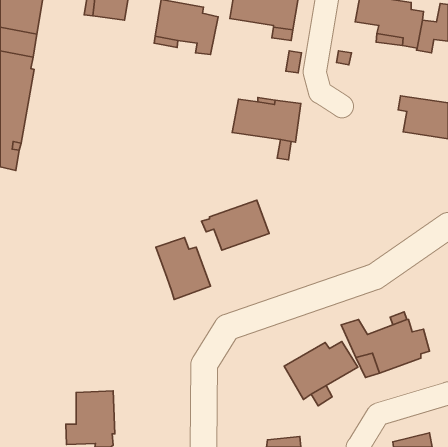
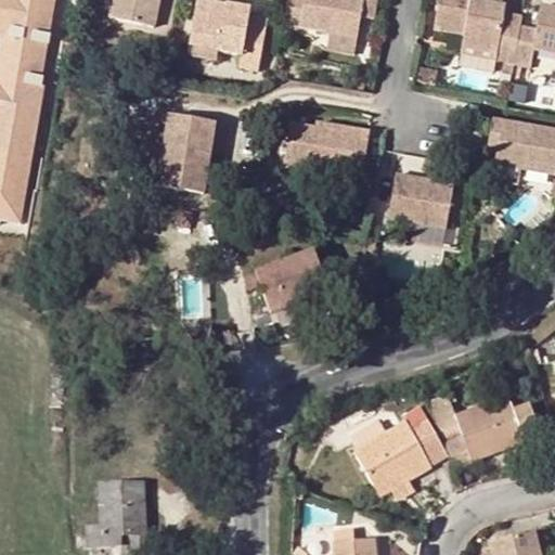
building: none -> [157,115,215,190]
building: none -> [393,171,459,222]
building: [156,238,211,299] -> none

